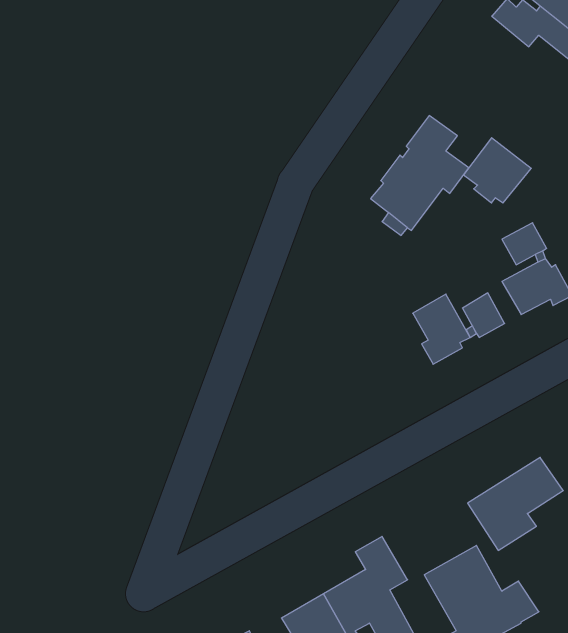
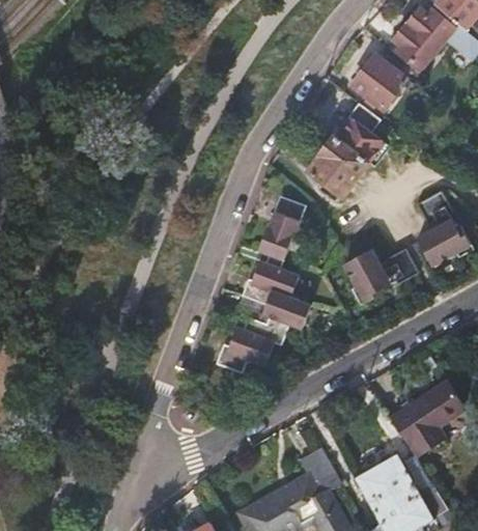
building: none -> [394,22,439,67]
building: [464,138,531,203] -> [352,54,406,107]
building: none -> [216,195,311,373]

